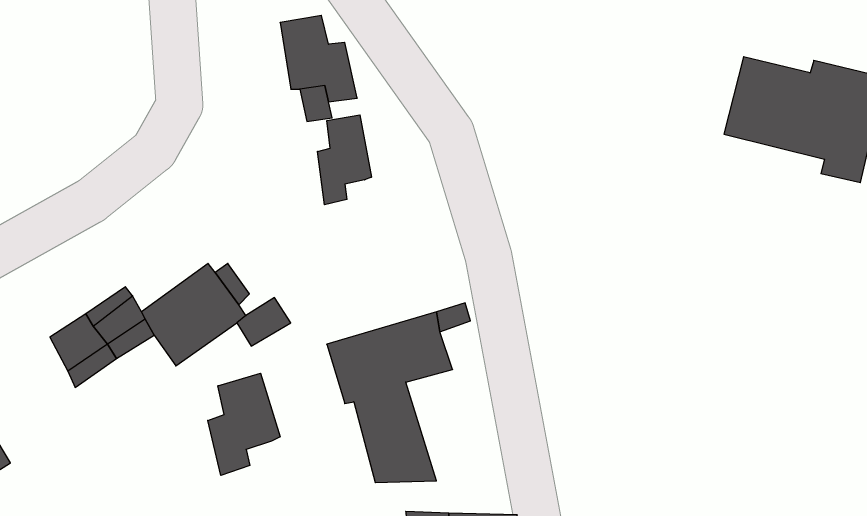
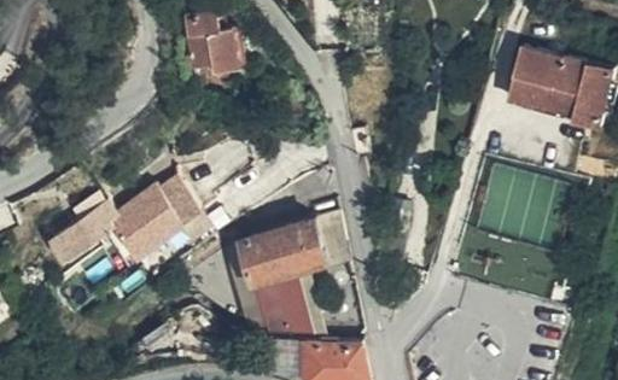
building: [317,115,371,205] -> none
building: [208,373,280,475] -> none

